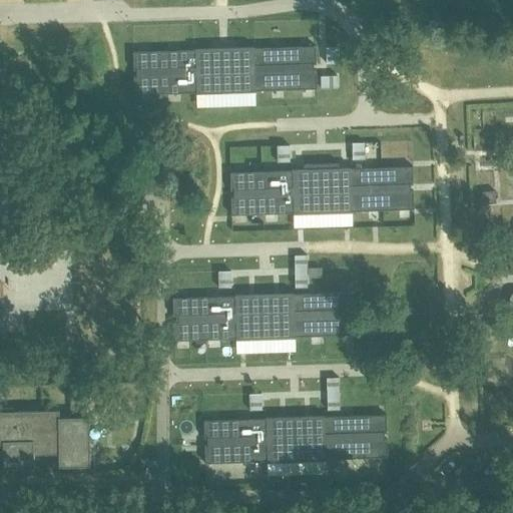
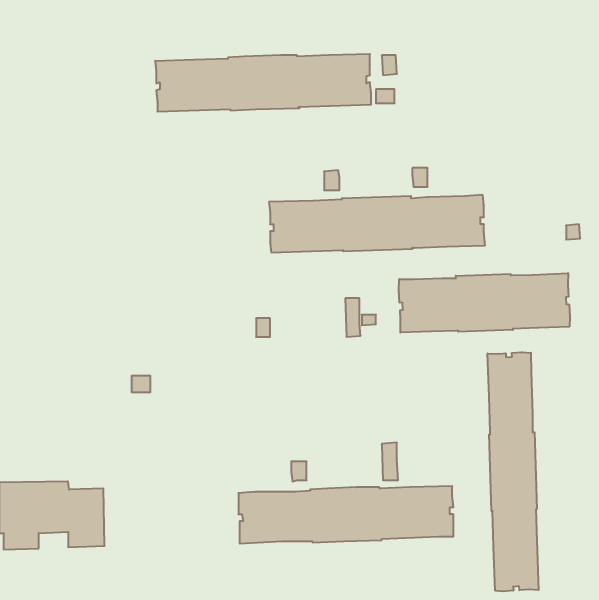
building: none -> [399,273,570,333]
building: [172,293,357,341] -> none
building: none -> [488,352,539,591]

